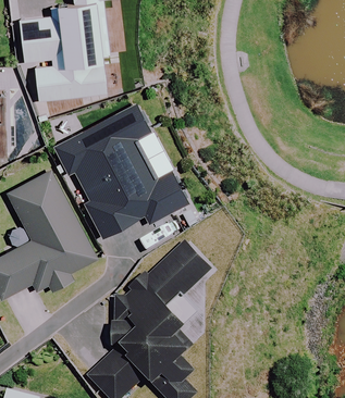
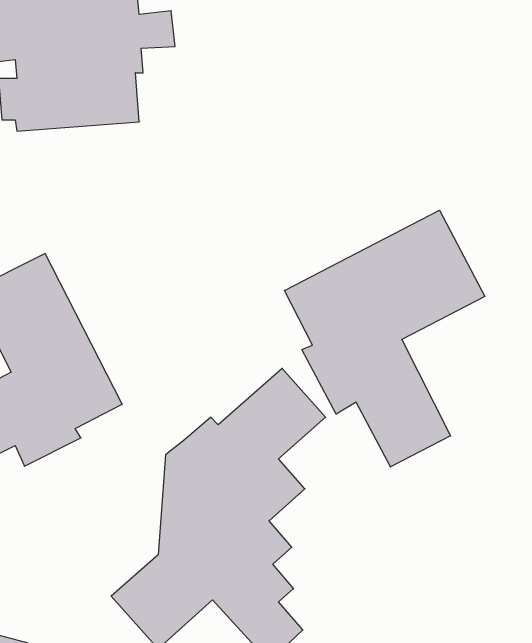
building: [56,105,188,236] -> none
building: none -> [284,210,485,467]

